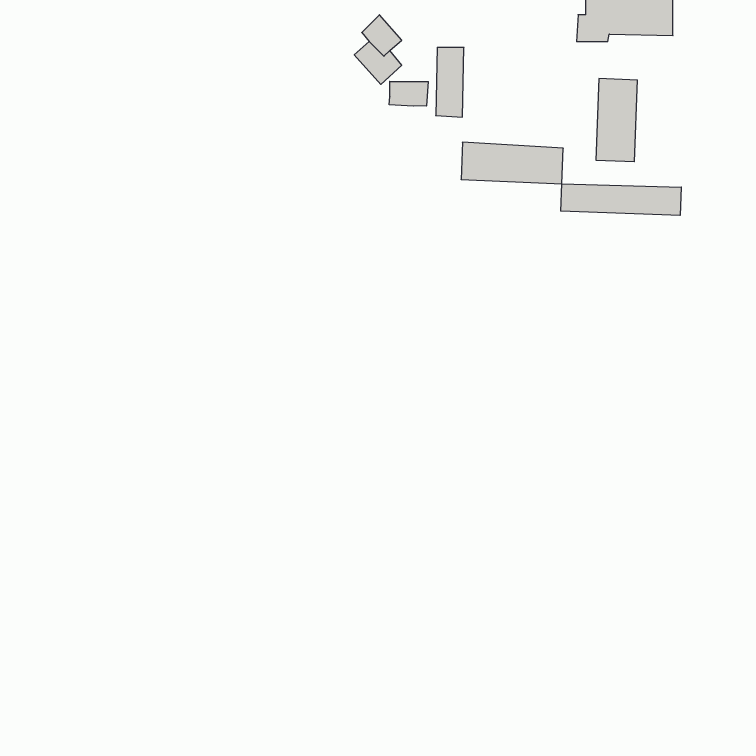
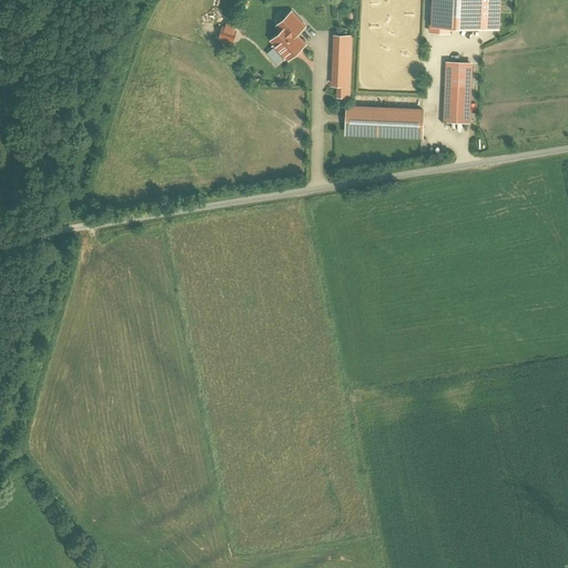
building: [389,81,428,106] -> none
building: [561,184,681,215] -> none

